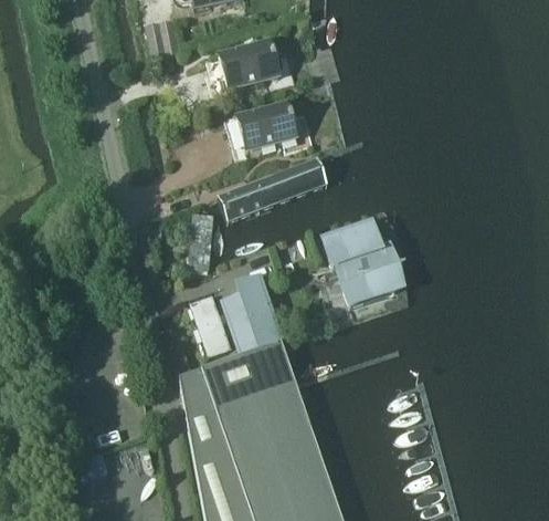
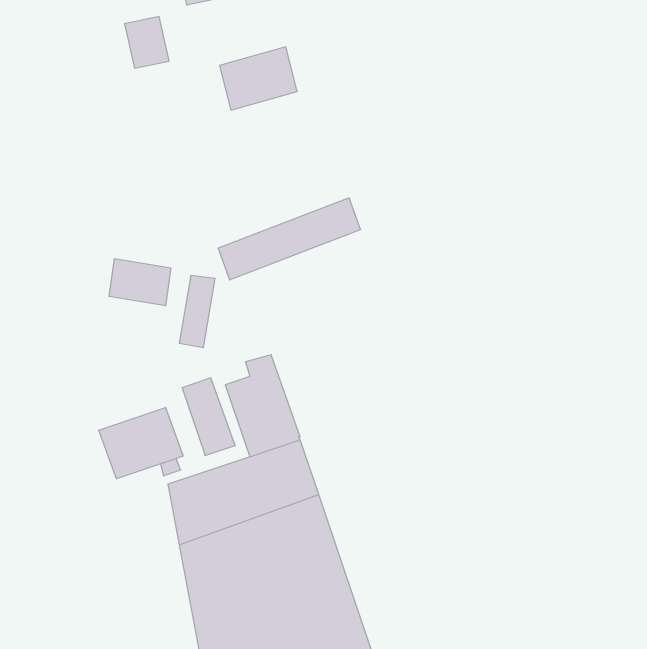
building: [235,103,296,152] -> none
building: none -> [109,259,171,306]
building: [324,223,398,306] -> none
building: none -> [99,407,183,479]

